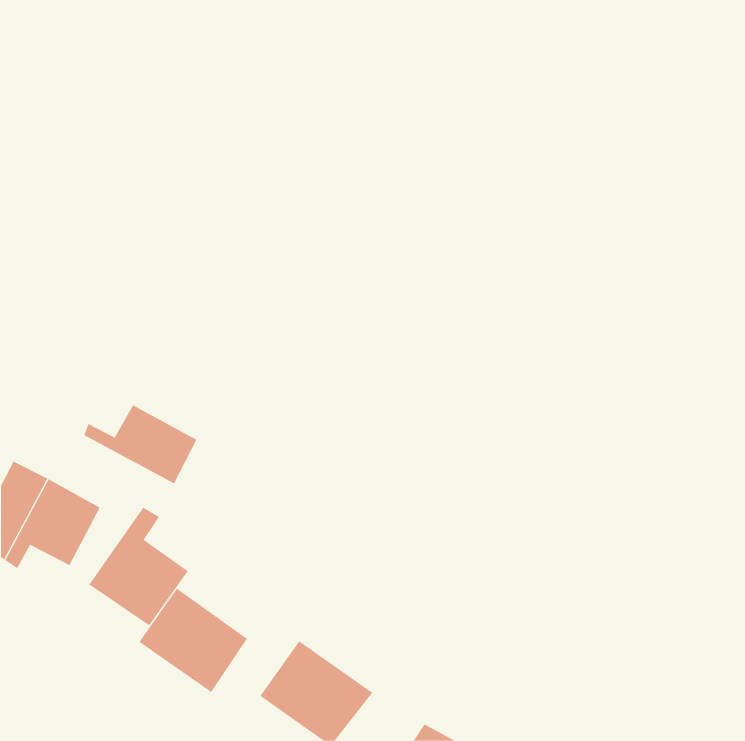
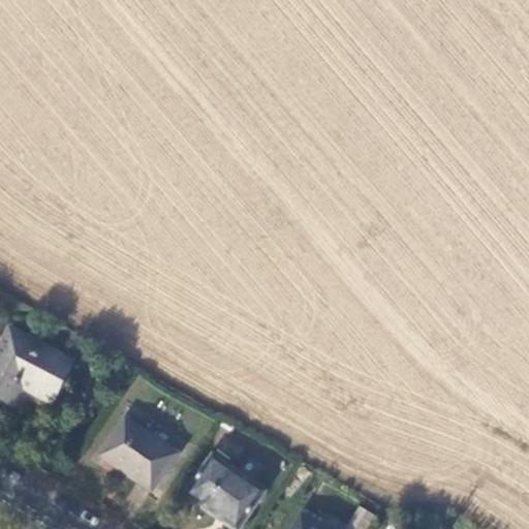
building: [83,405,197,484] -> none
building: [89,507,188,626] -> none

